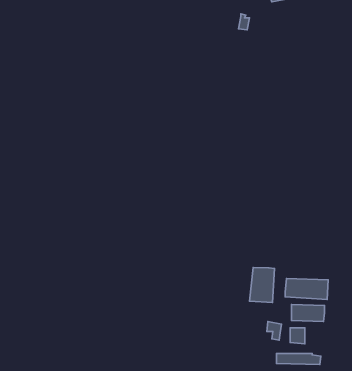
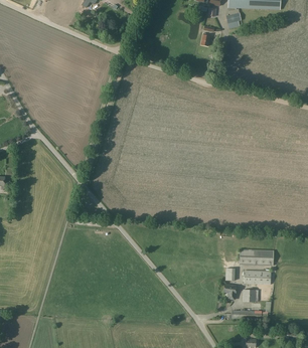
building: [250,267,275,302] -> none

